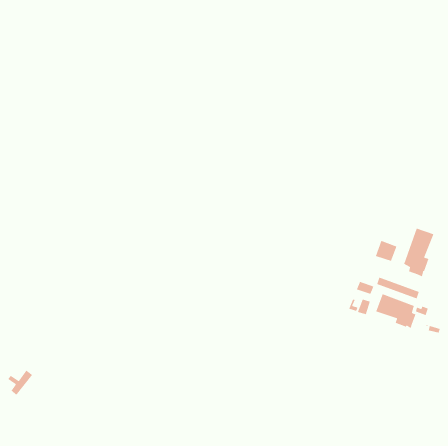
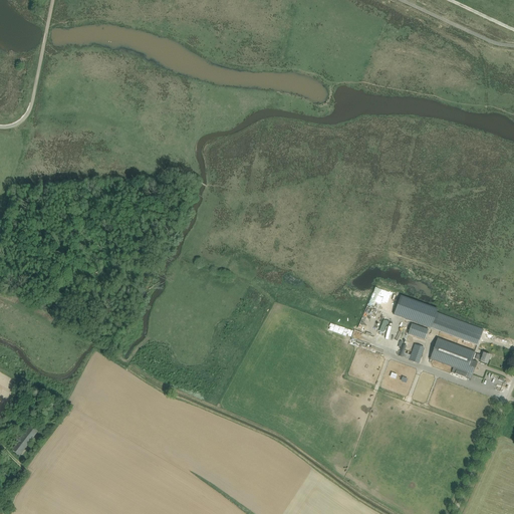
building: [403,227,434,277] -> none
building: [375,240,398,262] -> [394,293,420,318]

